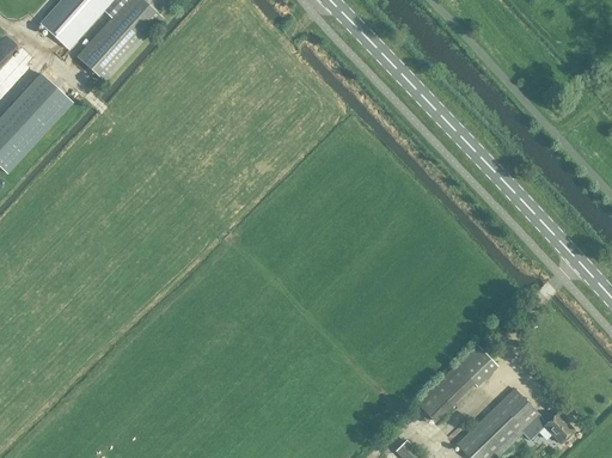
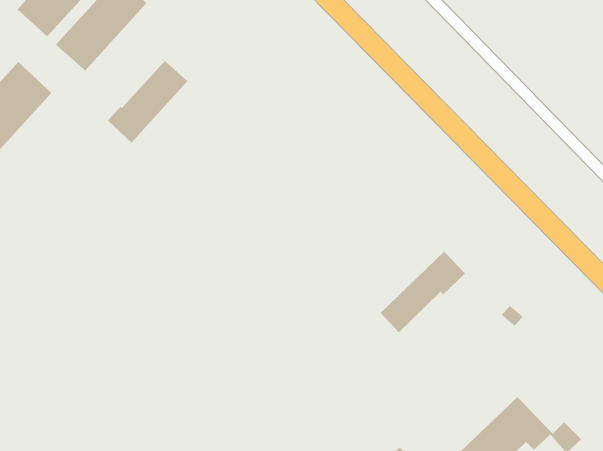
building: none -> [107,60,188,143]
building: [416,344,497,422] -> [380,251,466,333]

